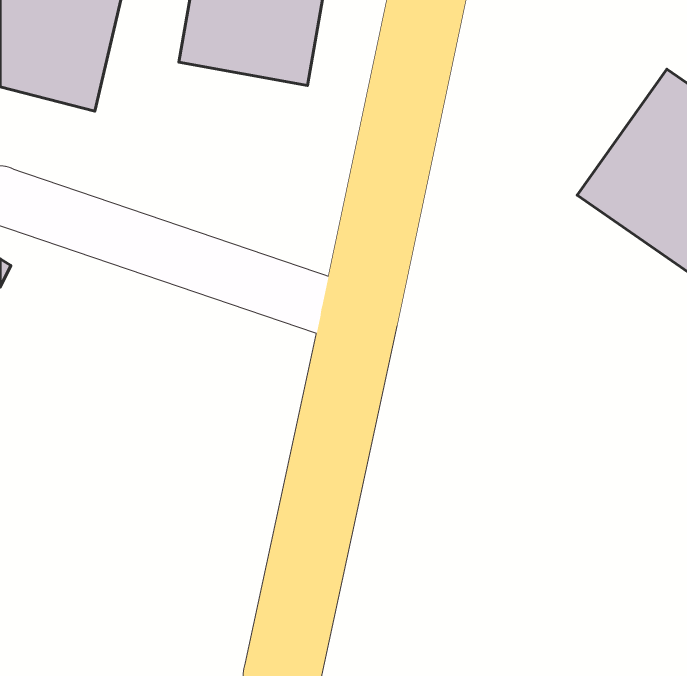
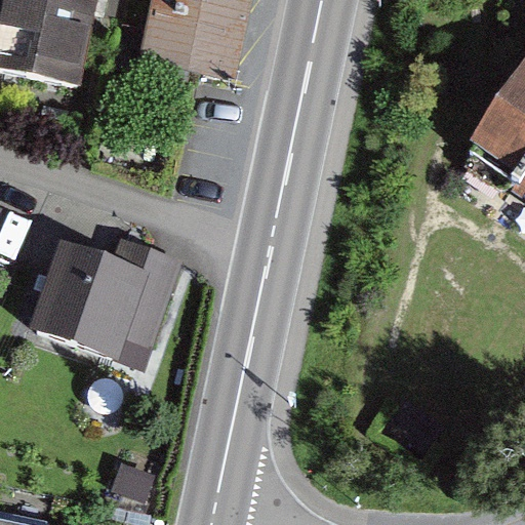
building: none -> [35,242,202,357]

